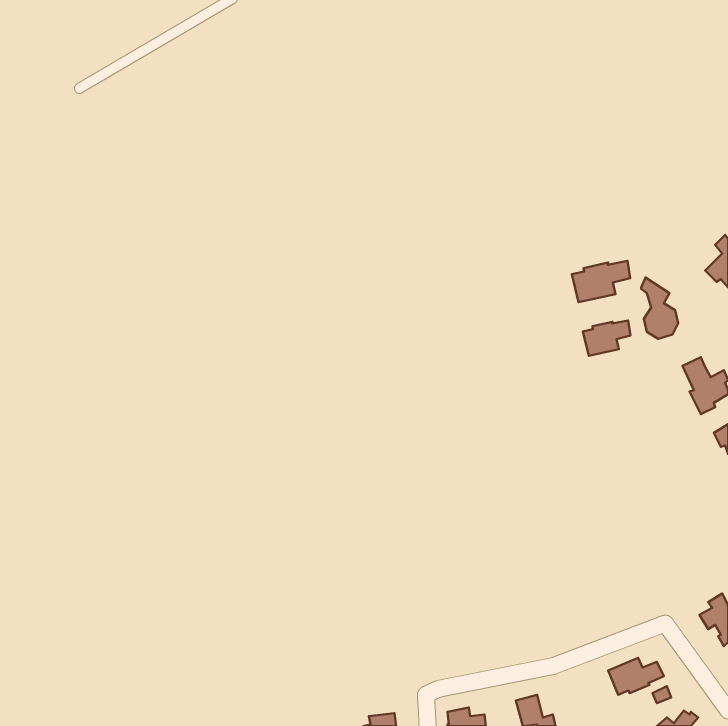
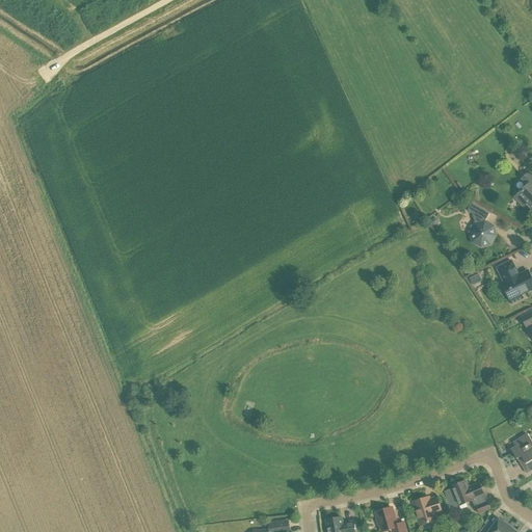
building: [572,261,630,302] -> none
building: [583,320,630,356] -> none
building: none -> [414,497,442,525]

